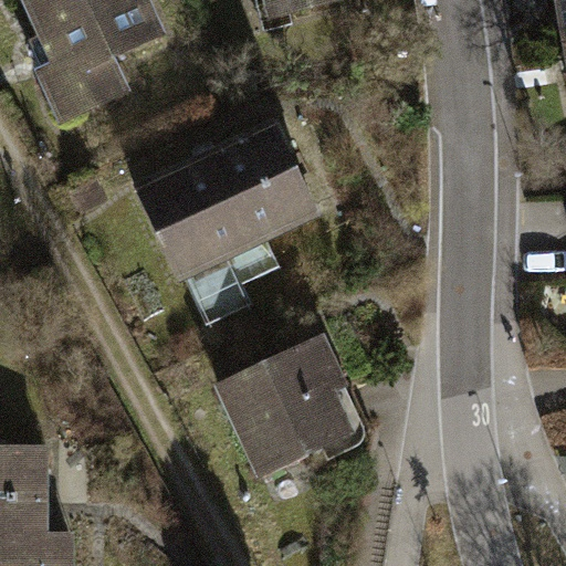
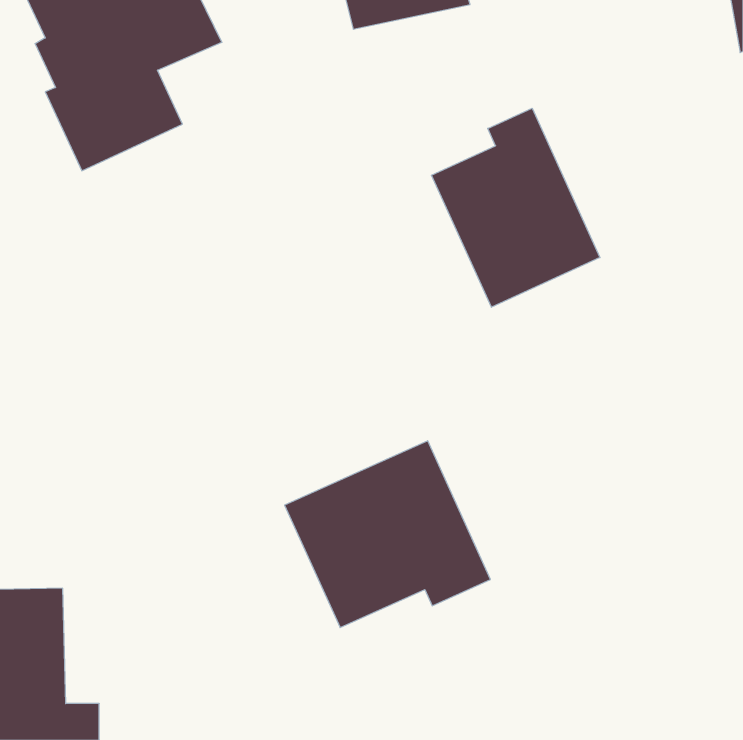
building: none -> [431,108,600,307]
building: [136,122,318,295] -> none

